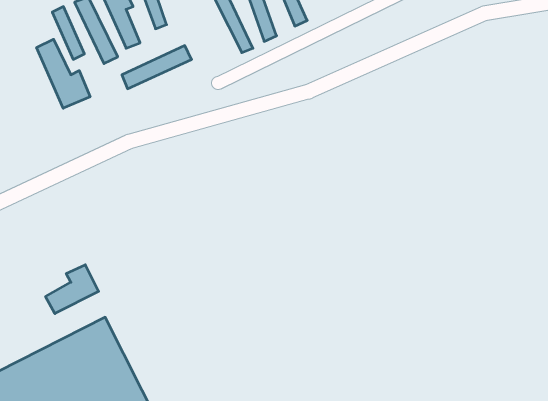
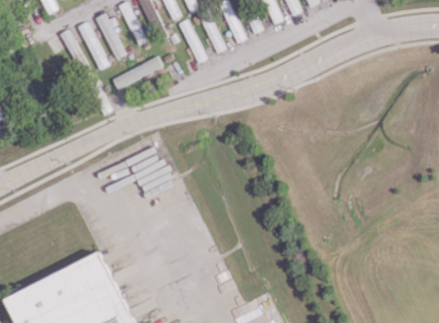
building: [37,39,90,108] -> none
building: [46,265,99,314] -> none

